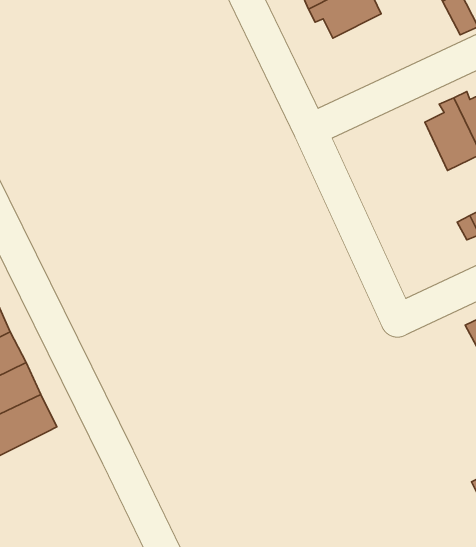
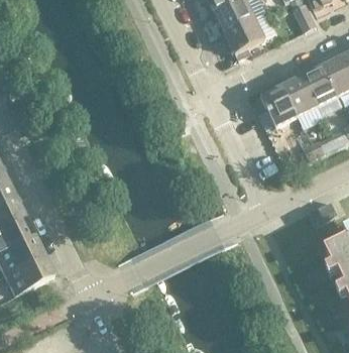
building: none -> [224,17,264,58]
building: none -> [255,85,296,126]

